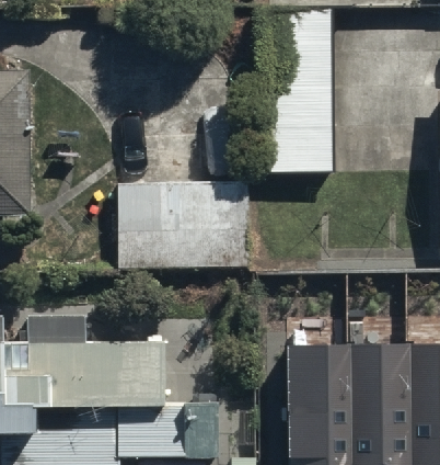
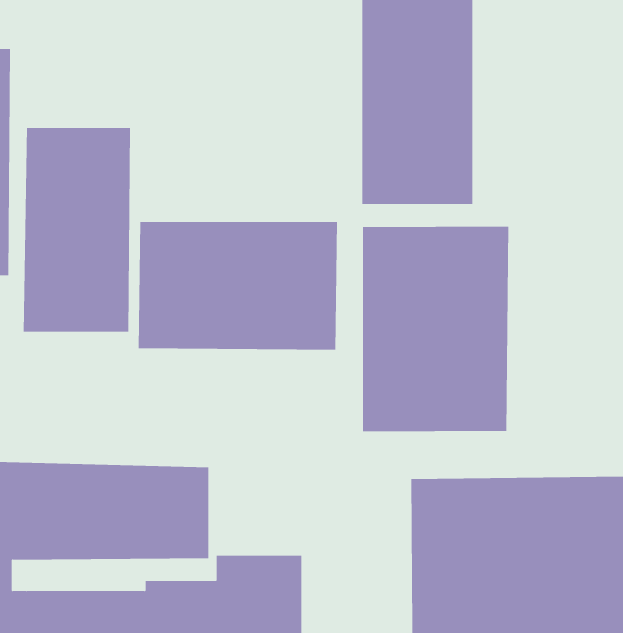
building: none -> [23,127,130,332]
building: none -> [362,226,509,432]

